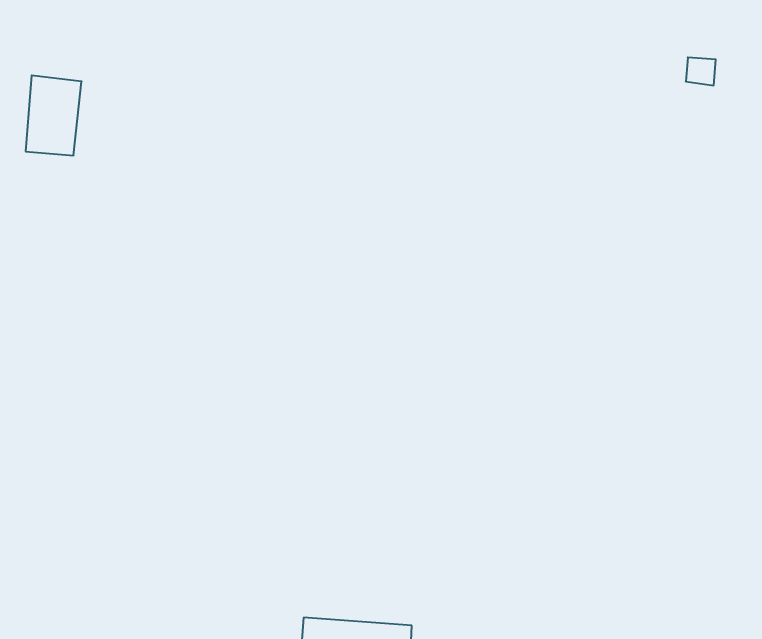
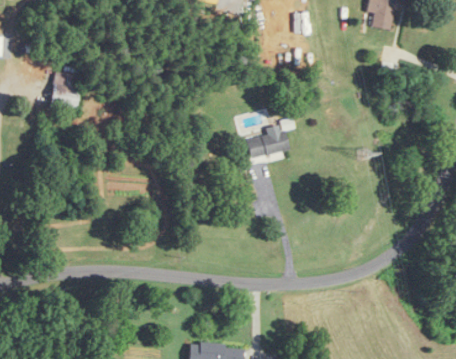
building: none -> [247,124,288,158]

